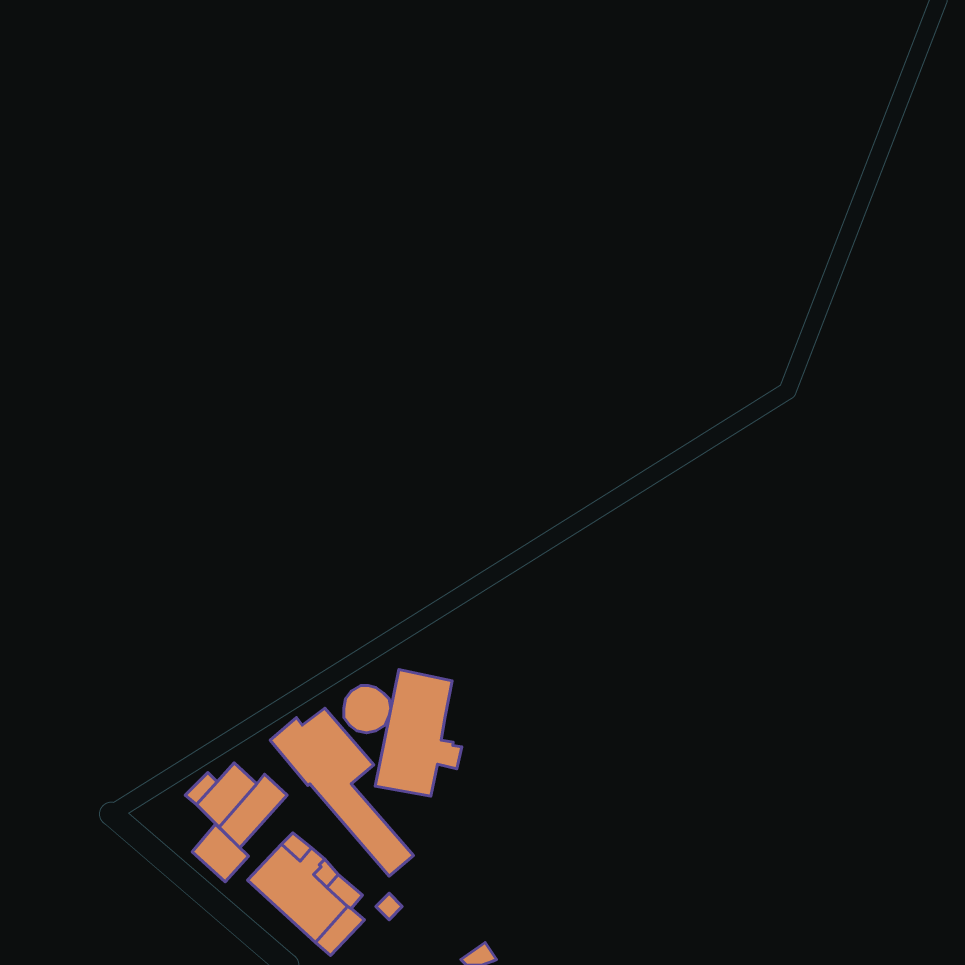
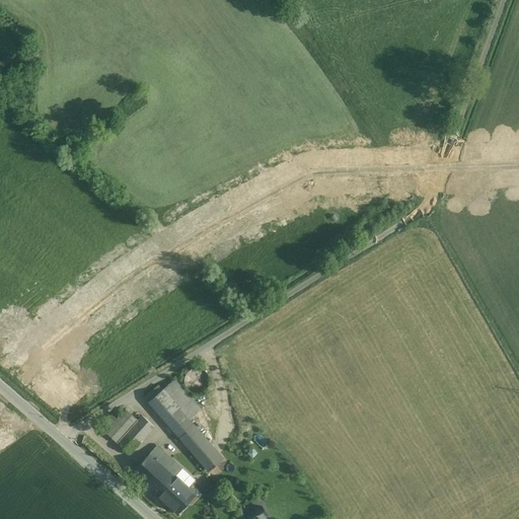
building: [375,669,462,796] -> none
building: [192,824,248,882] -> none

